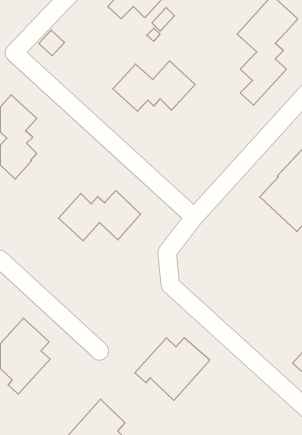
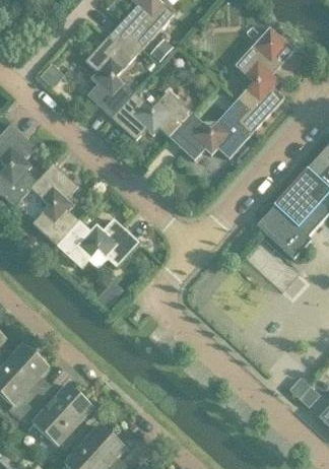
building: none -> [85,37,143,118]
building: none -> [170,98,251,160]
building: none -> [30,163,80,246]
building: [135,338,210,400] -> [18,385,92,447]

